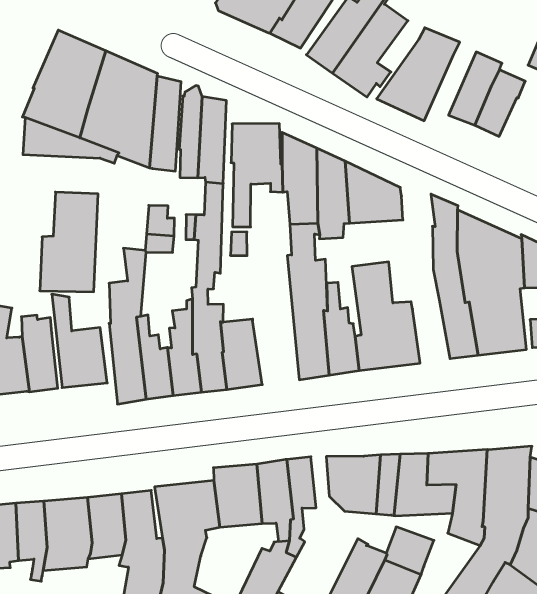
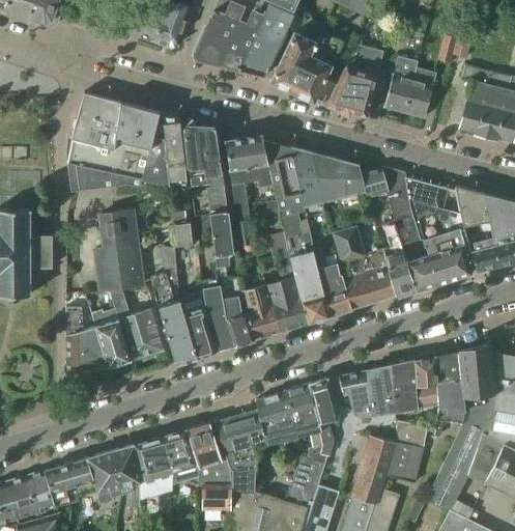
building: none -> [360,168,389,197]
building: none -> [264,232,307,332]
building: none -> [382,224,417,296]

